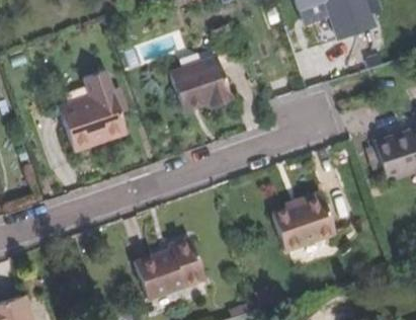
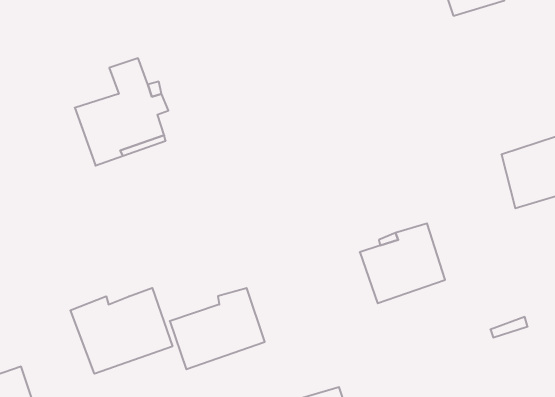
building: [172,55,234,108] -> none
building: none -> [70,288,172,374]

